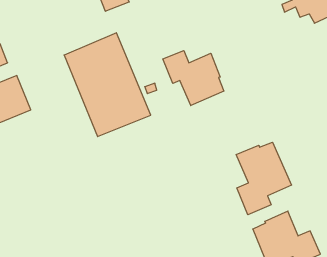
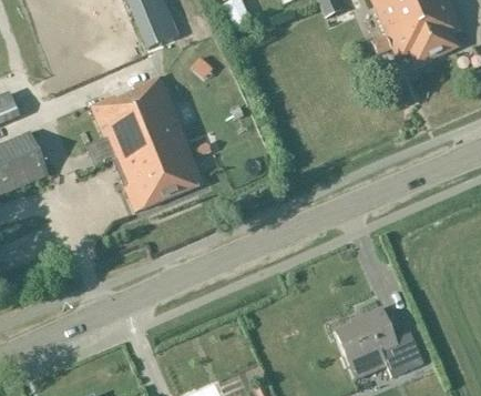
building: [163,51,224,106] -> none
building: [236,142,291,215] -> none

